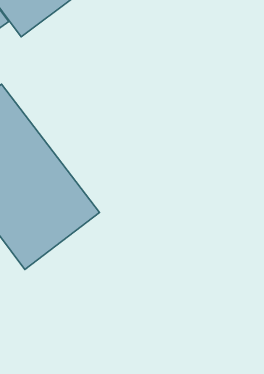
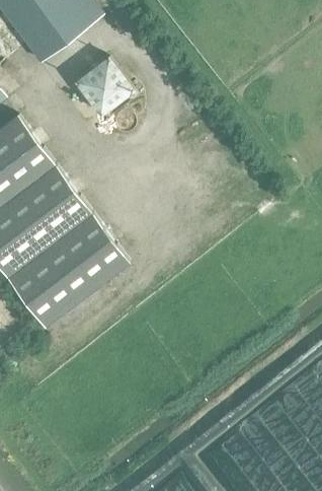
building: none -> [70,54,133,116]

